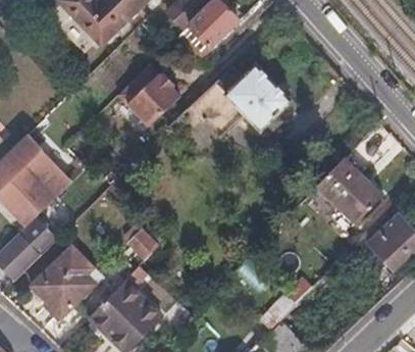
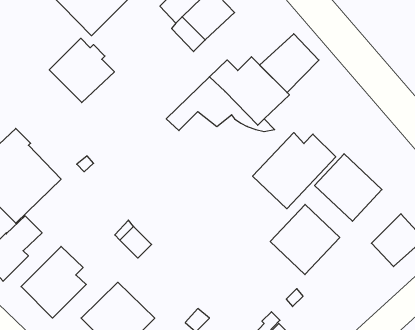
building: none -> [260,34,319,93]
building: [117,65,180,128] -> [49,38,114,103]
building: none -> [253,133,336,209]
building: none -> [270,204,340,275]

